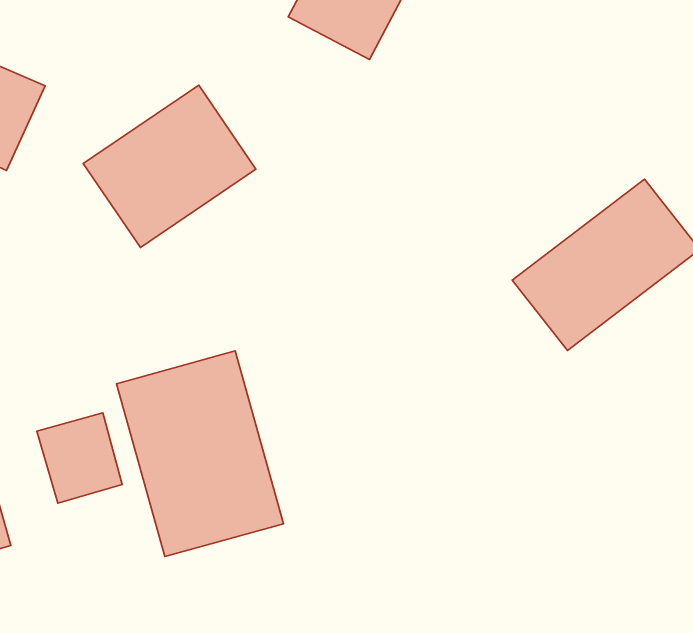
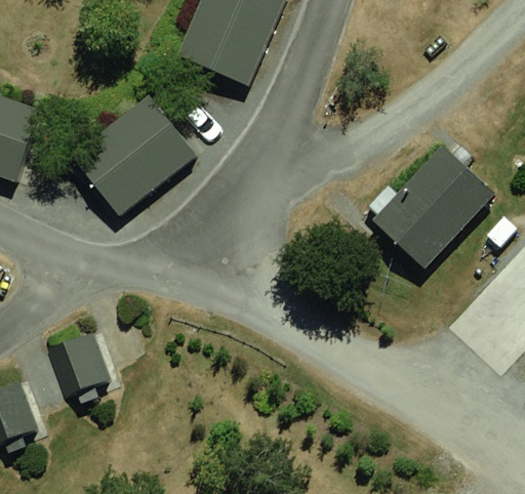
building: [117,351,284,557] -> none

